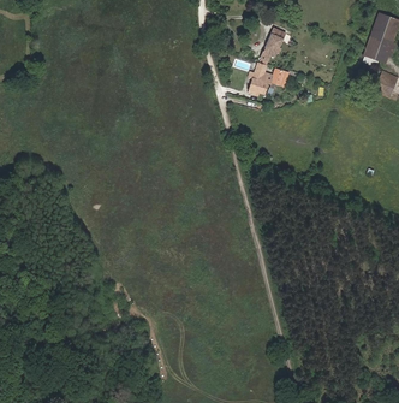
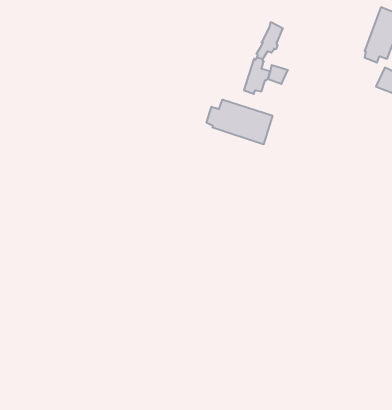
building: none -> [207,100,272,144]

